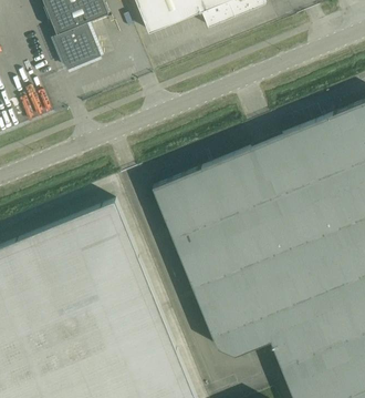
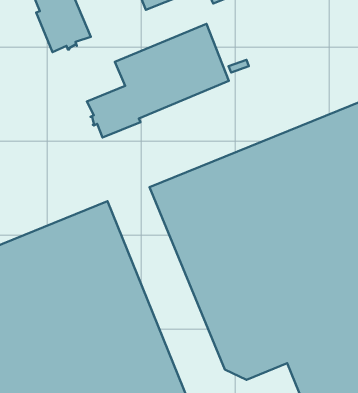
building: none -> [87,24,229,138]

